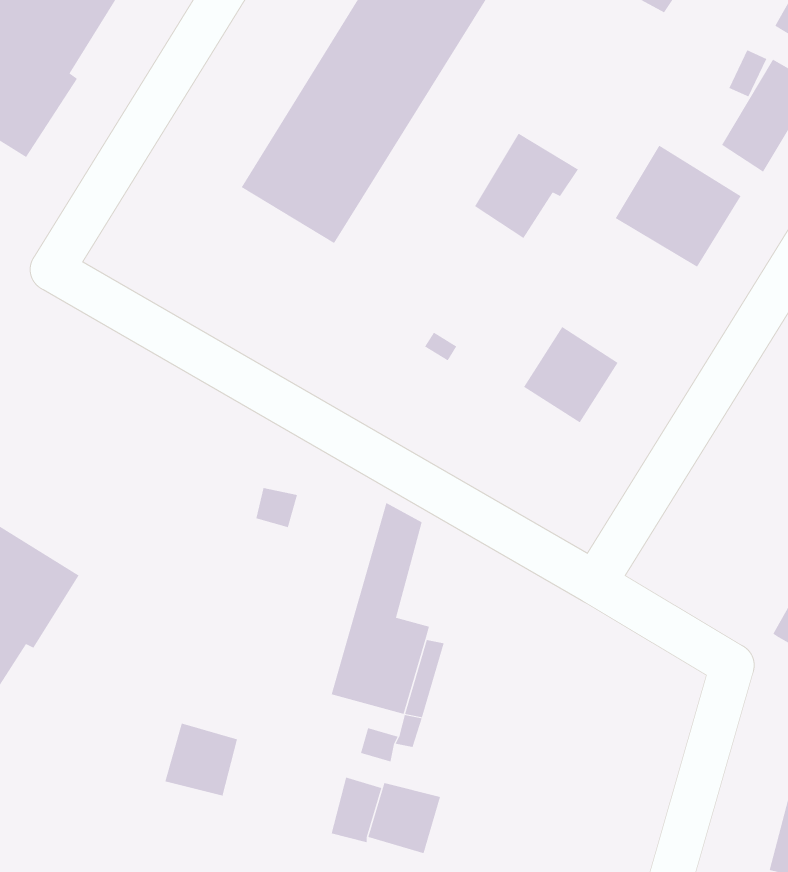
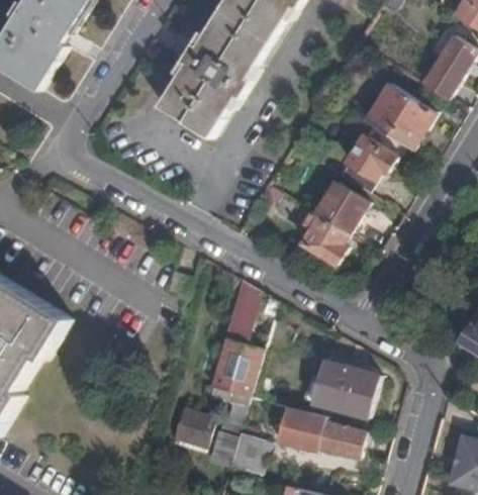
building: [474,133,579,239] -> [338,135,395,194]
building: none -> [301,212,346,263]
building: none -> [311,361,379,416]
building: [165,723,238,796] -> [170,408,210,449]
building: none -> [276,405,363,457]

